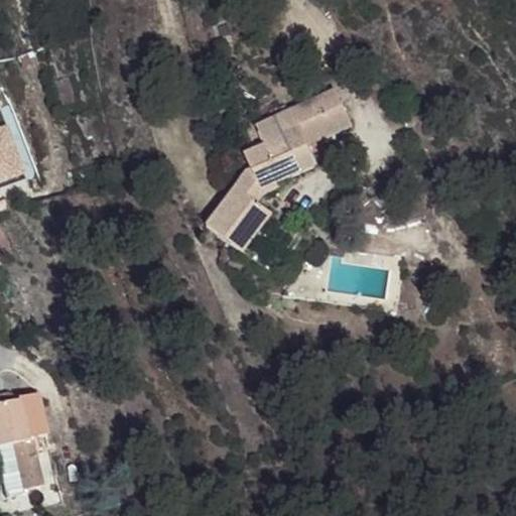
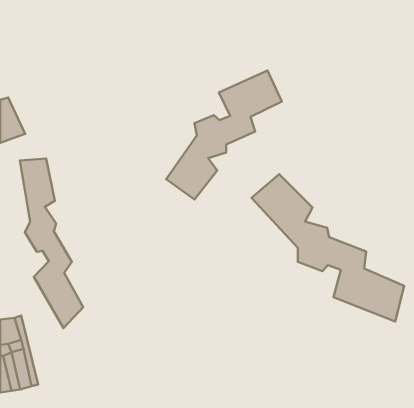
building: none -> [20,158,83,328]
building: none -> [251,174,404,322]

